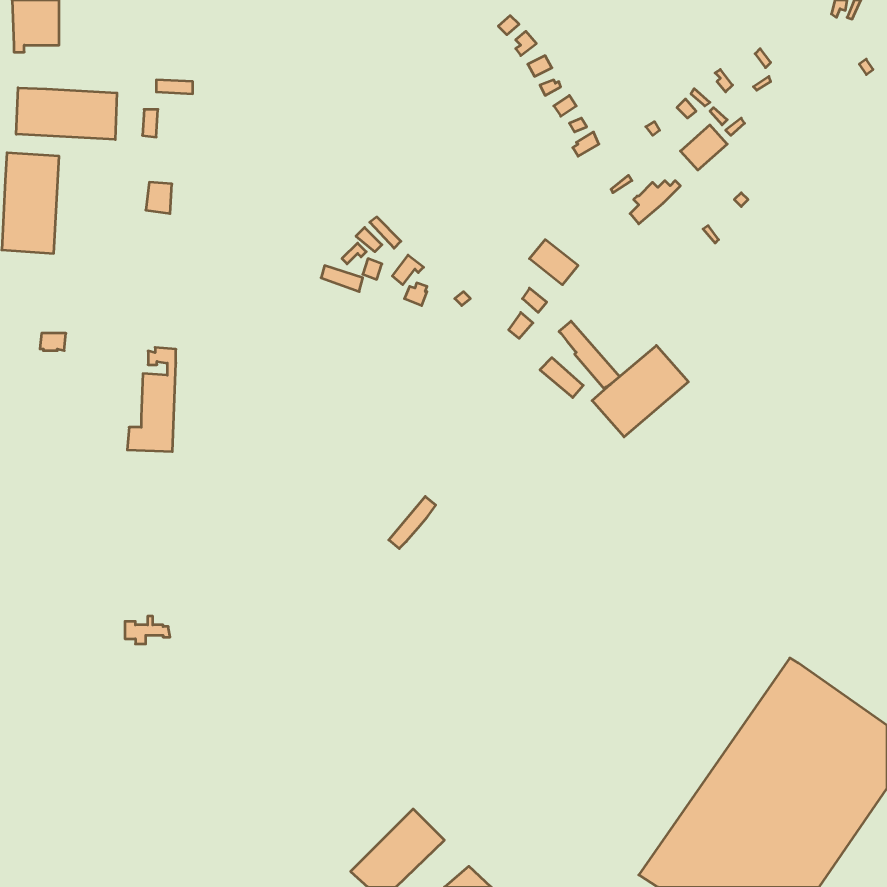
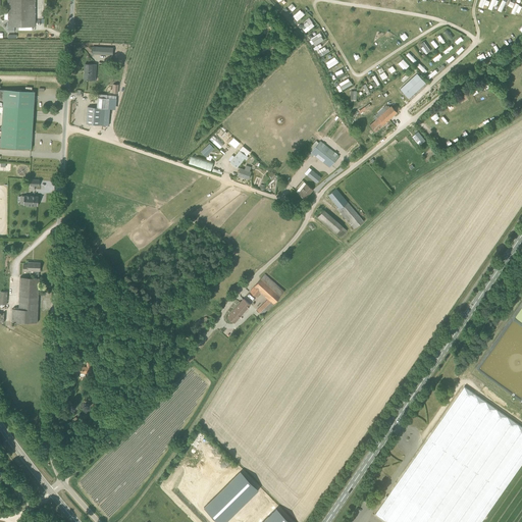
building: [16,88,117,140] -> none
building: [592,345,688,437] -> none
building: [127,347,176,452] -> [11,262,40,323]
building: none -> [250,274,284,315]

